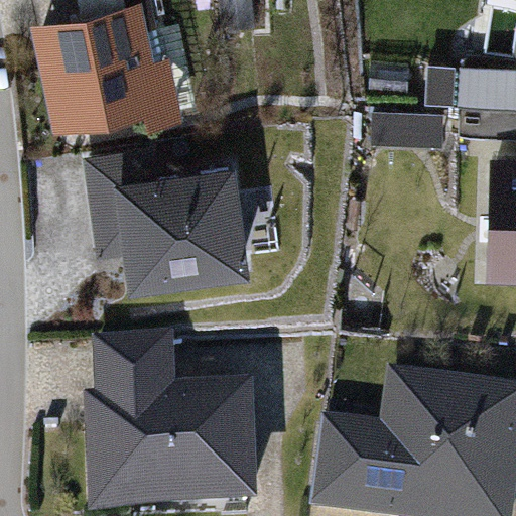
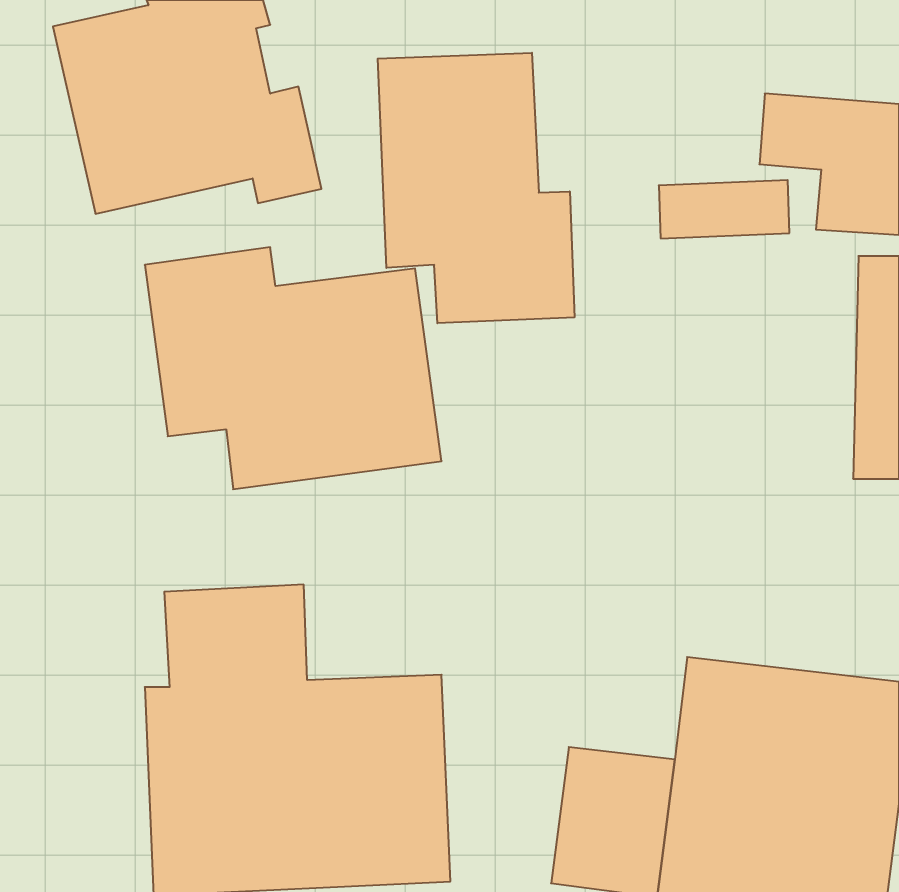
building: none -> [378,53,574,323]

